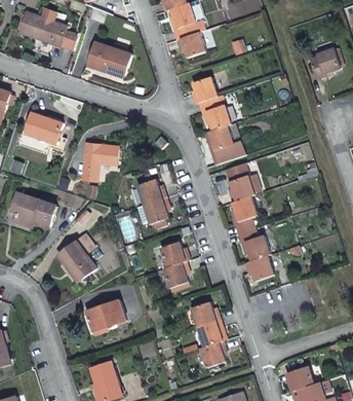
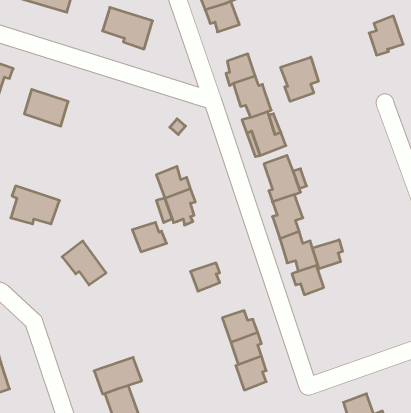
building: none -> [281,57,318,101]
building: [79,139,116,179] -> none
building: none -> [313,240,343,269]
building: [158,238,187,262] -> [132,222,167,252]
building: [84,297,124,328] -> [94,357,142,394]

